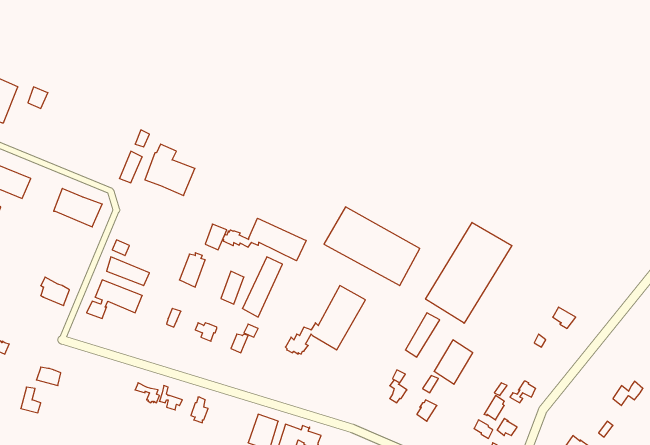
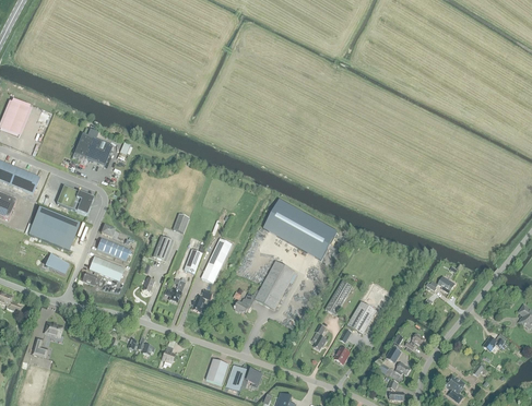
building: [145,144,195,196] -> [74,127,113,166]
building: [223,218,306,261] -> none
building: none -> [28,208,80,250]
building: [426,222,512,323] -> none

